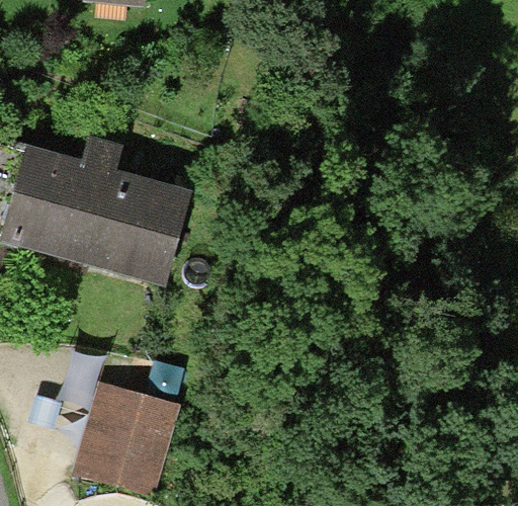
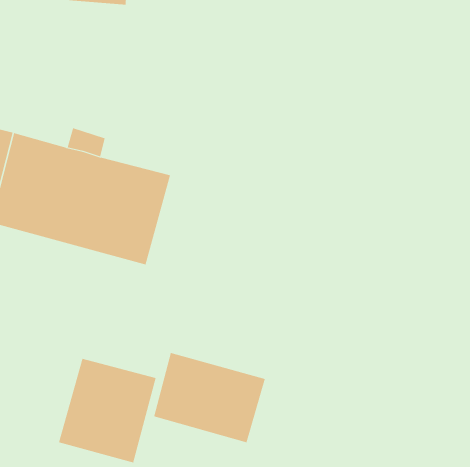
building: none -> [153,352,265,443]

